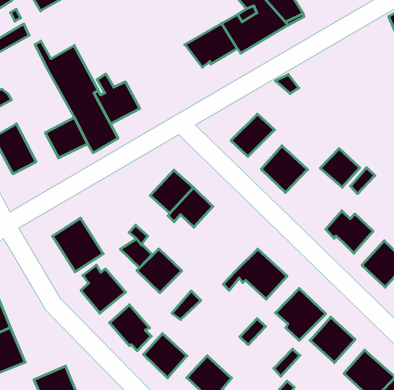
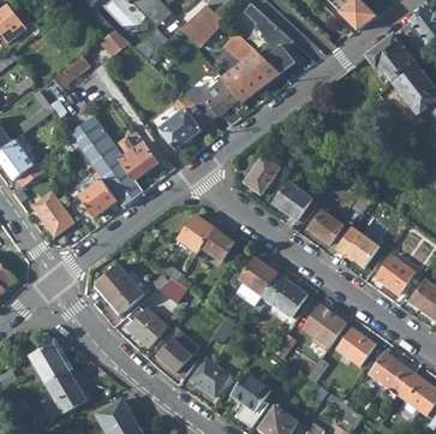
building: none -> [159,94,209,150]
building: [320,149,360,187] -> [307,210,342,244]
building: [137,249,182,293] -> [239,257,279,296]

